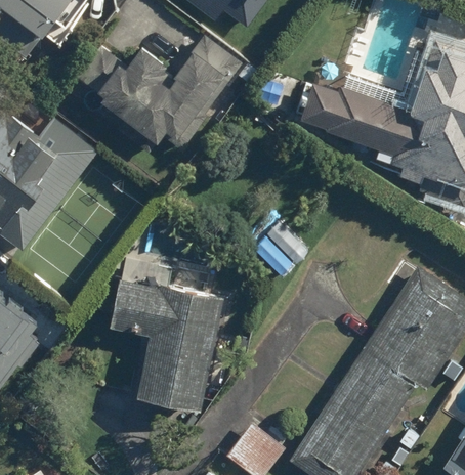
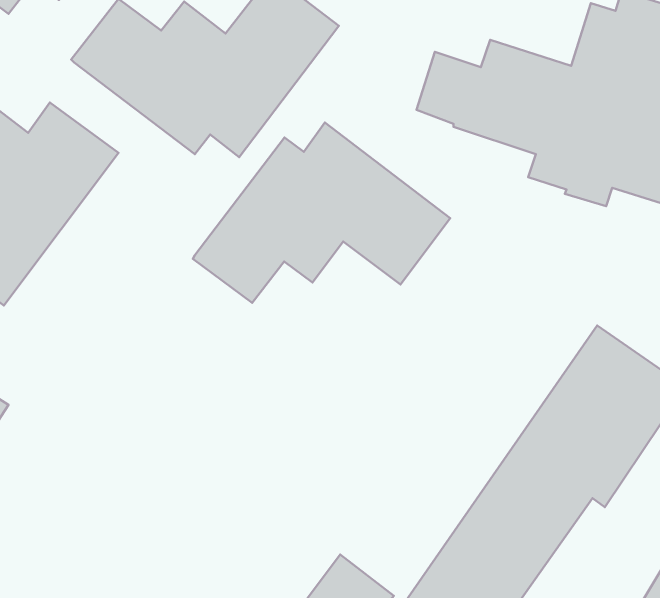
building: none -> [193,123,450,303]
building: [110,276,223,412] -> none

